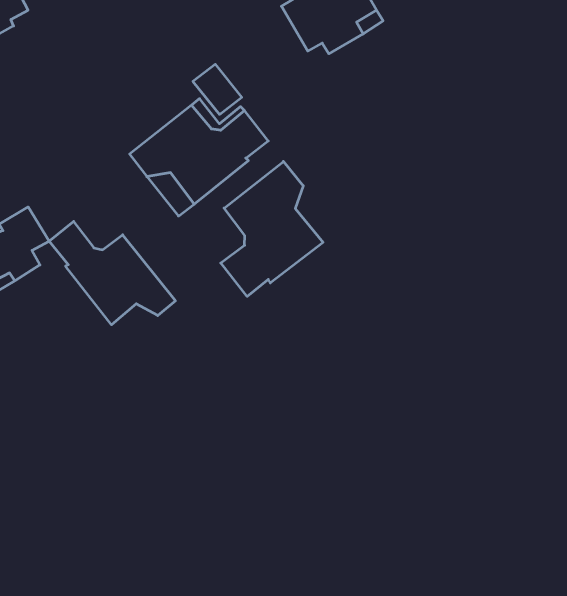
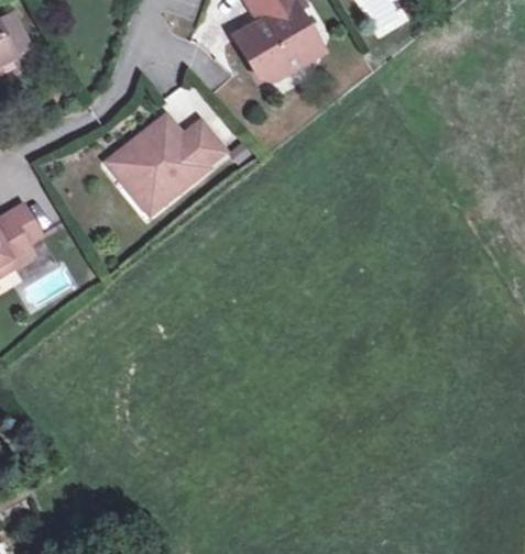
building: [221,161,323,296] -> none
building: [49,221,175,325] -> none

